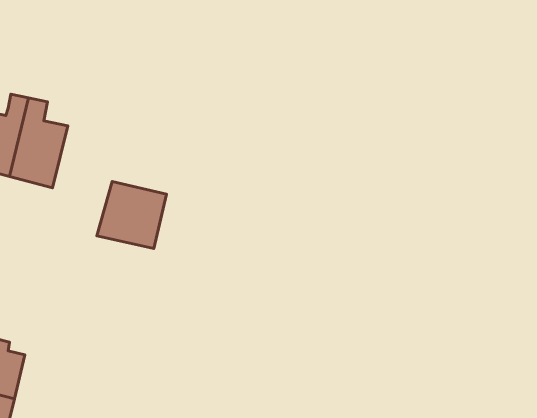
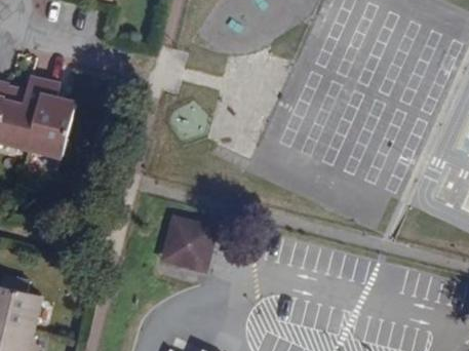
building: [97,181,166,248] -> [161,218,218,272]

